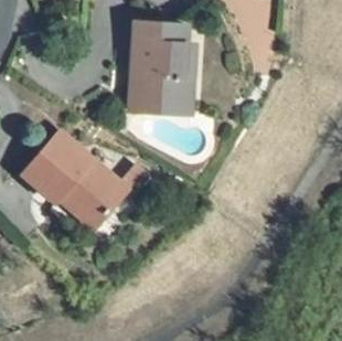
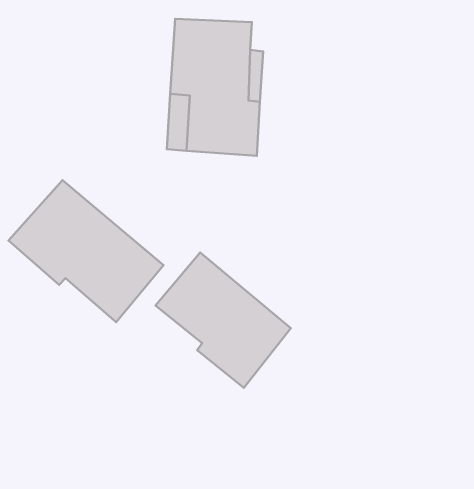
building: none -> [155,253,291,388]

